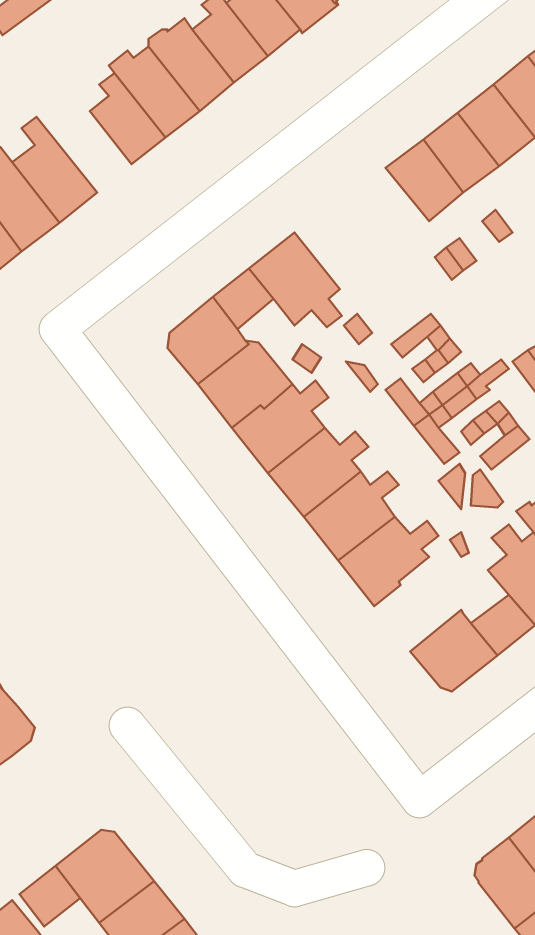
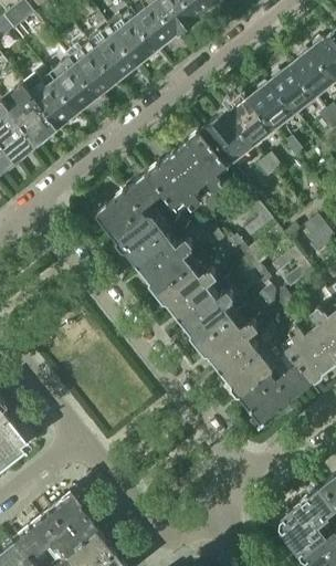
building: none -> [24,74,80,128]
building: none -> [204,111,253,161]
building: none -> [175,130,228,189]
building: none -> [221,340,273,396]

